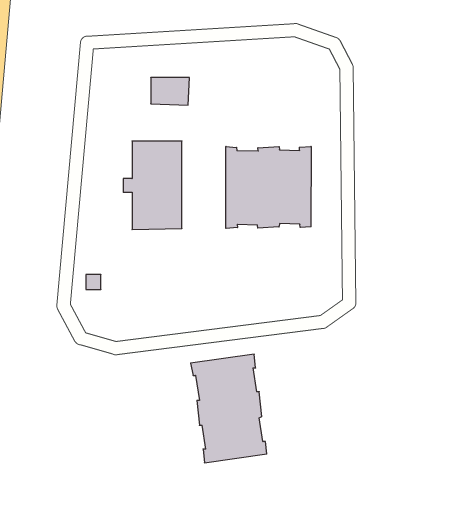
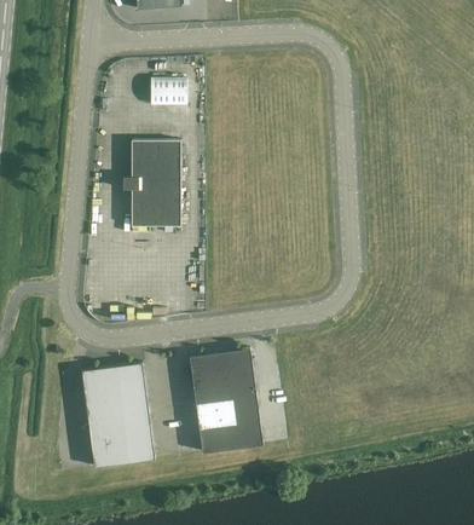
building: [226,146,311,228] -> none
building: none -> [80,363,154,468]

